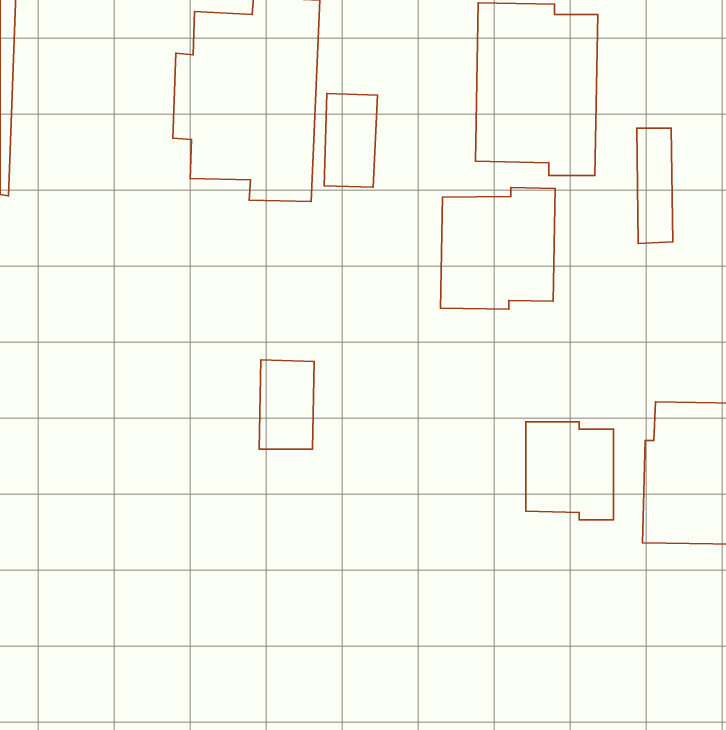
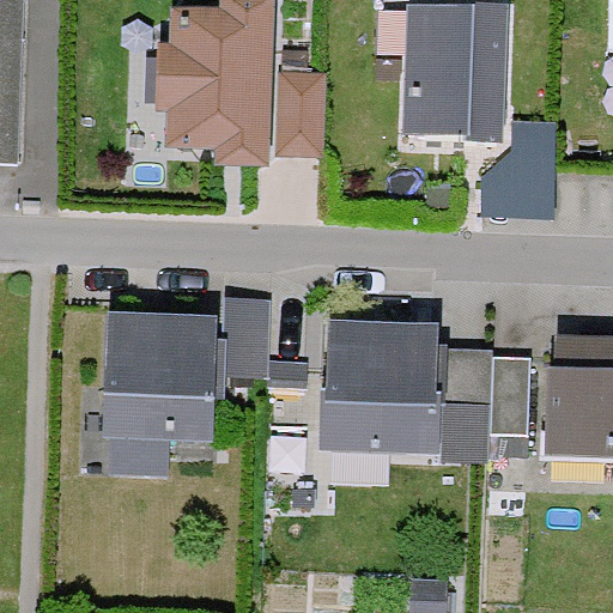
building: [441,188,555,309] -> none
building: none -> [101,311,214,472]
building: none -> [322,321,437,453]

